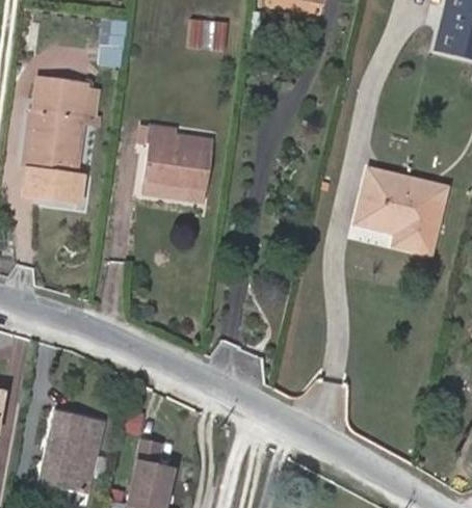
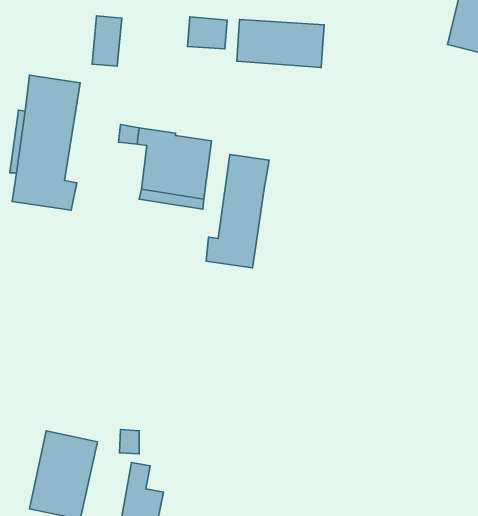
building: none -> [237,19,324,67]
building: none -> [206,155,269,268]
building: [357,166,446,251] -> none

